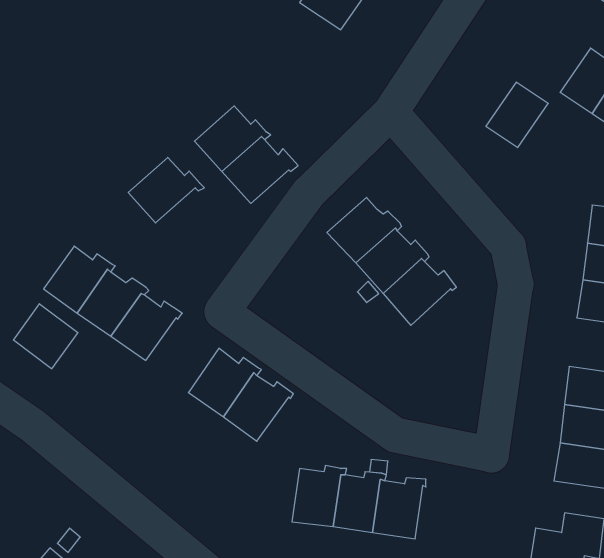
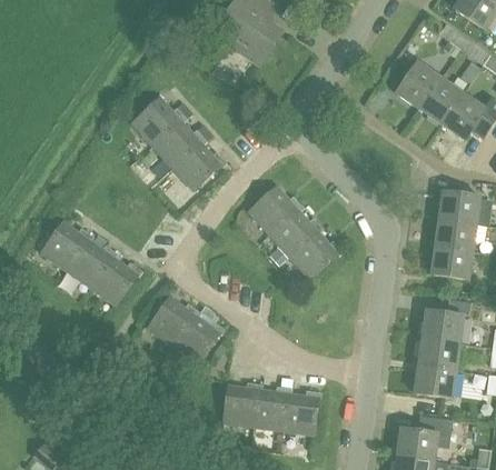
building: [486,82,548,148] -> [395,61,440,109]
building: [128,157,204,223] -> [131,97,187,144]
building: [13,304,78,369] -> none

